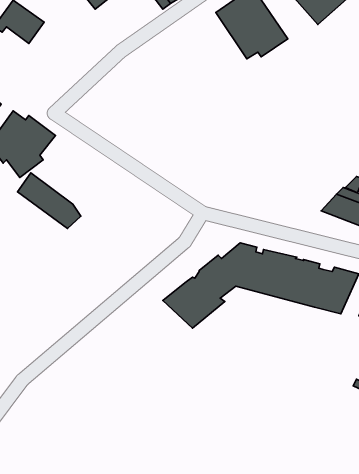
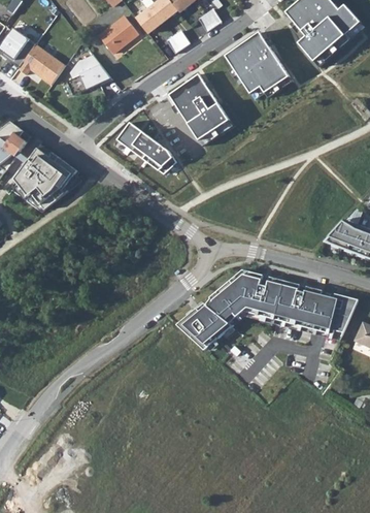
building: none -> [67,55,112,95]
building: none -> [168,73,233,146]
building: [18,173,81,228] -> [116,122,175,173]

